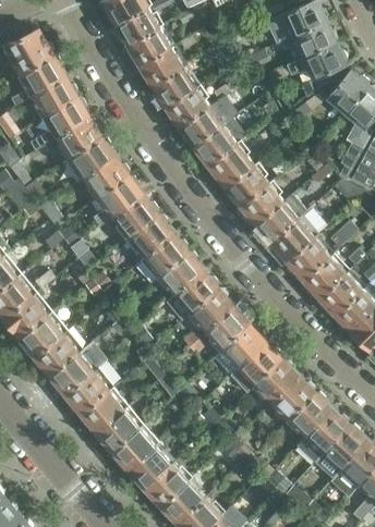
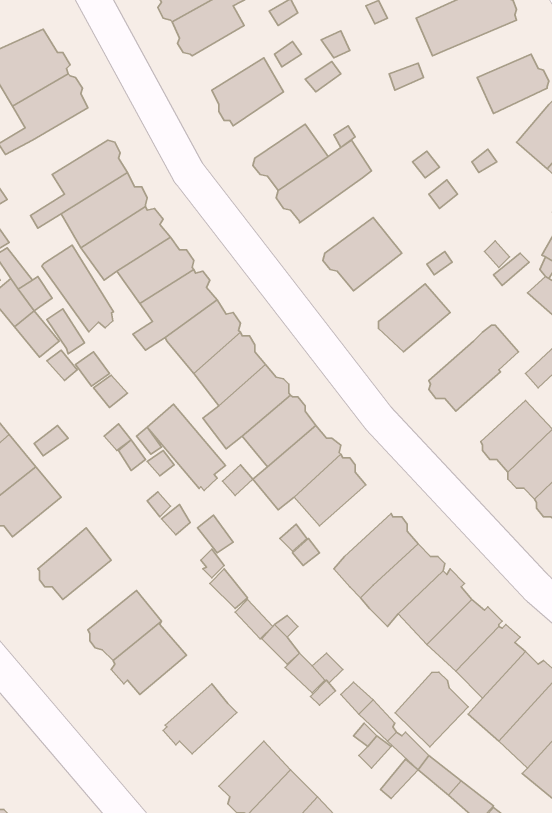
building: [282,24,336,59] -> none
building: [129,27,172,66] -> none
building: [154,68,197,108] -> none
building: [32,77,77,118] -> none
building: [194,120,246,166] -> none
building: none -> [42,245,113,332]
building: [227,166,270,207] -> none
building: [257,197,305,243] -> none
building: [289,237,331,280] -> none
building: none -> [147,404,226,490]
building: [206,306,250,350] -> none
building: [20,314,64,357] -> none
building: [50,352,95,394] -> none
building: [97,409,141,452] -> none
building: none -> [395,672,468,747]
building: [129,444,172,489] -> none

